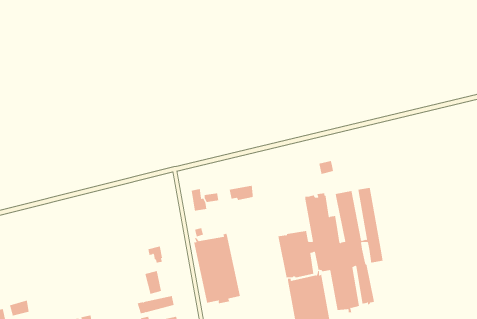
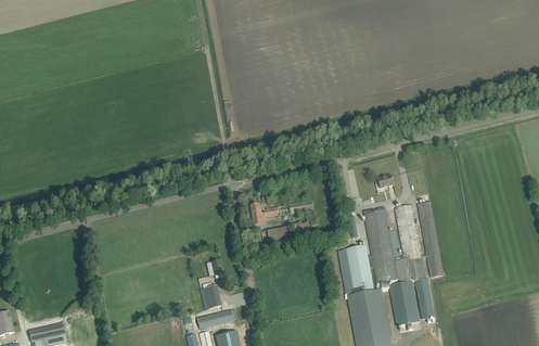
building: [194,233,240,304] -> none

